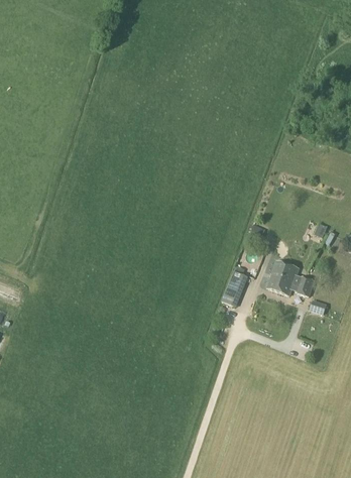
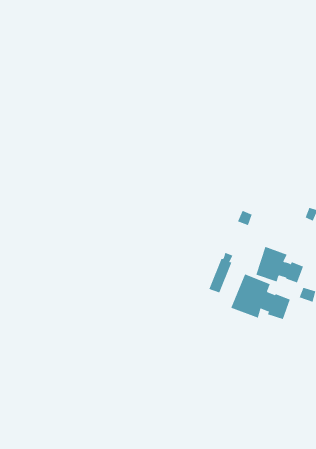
building: none -> [230,274,291,320]

